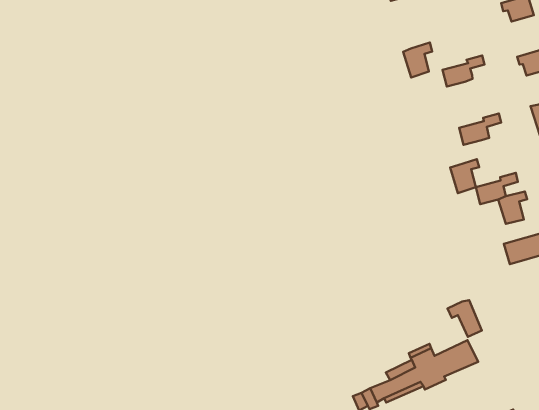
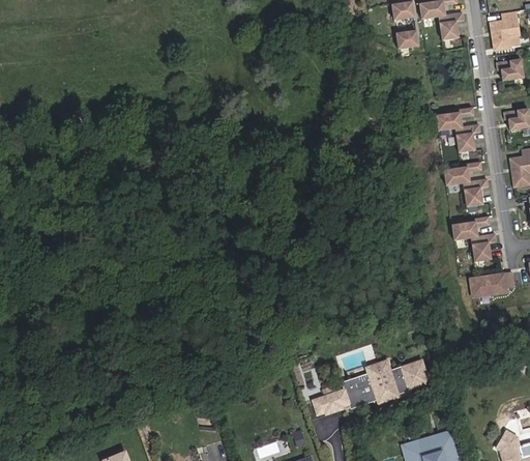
building: [403,43,432,77] -> [453,125,479,154]
building: [450,159,479,193] -> [462,180,488,208]
building: [448,300,482,337] -> none

